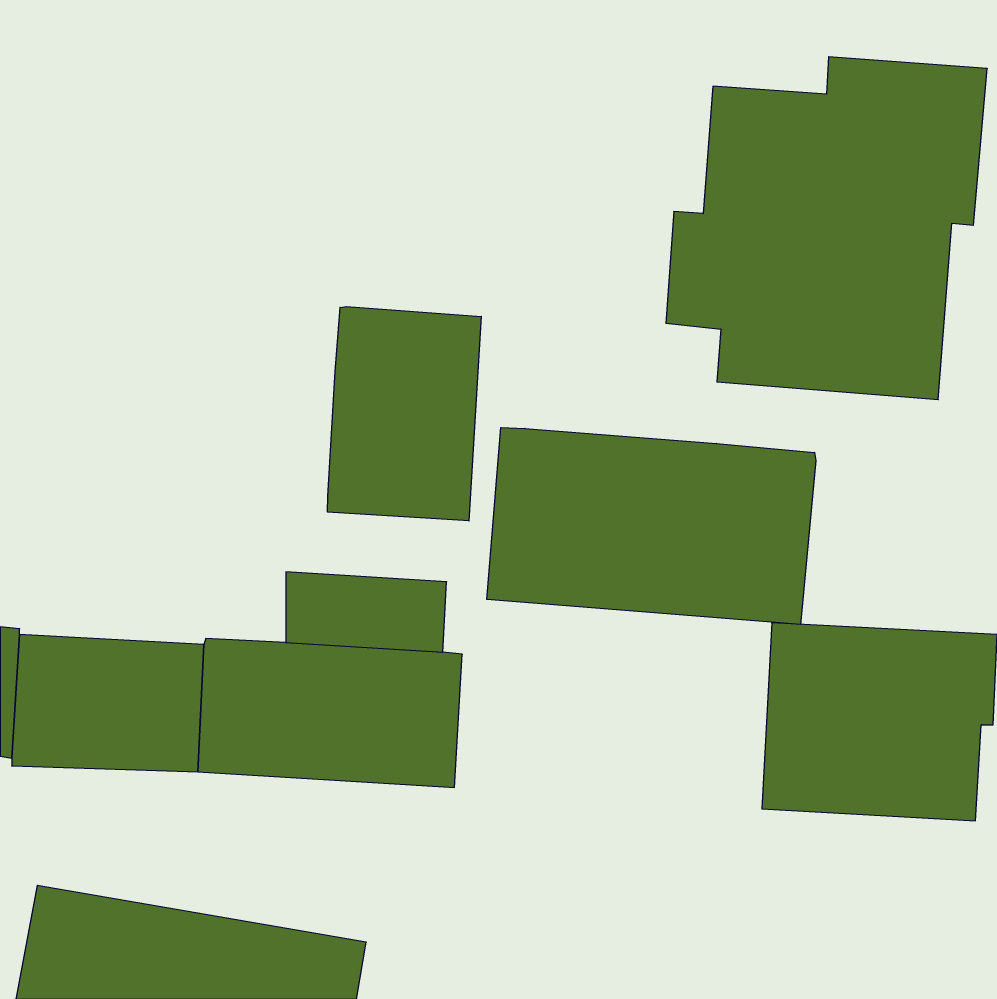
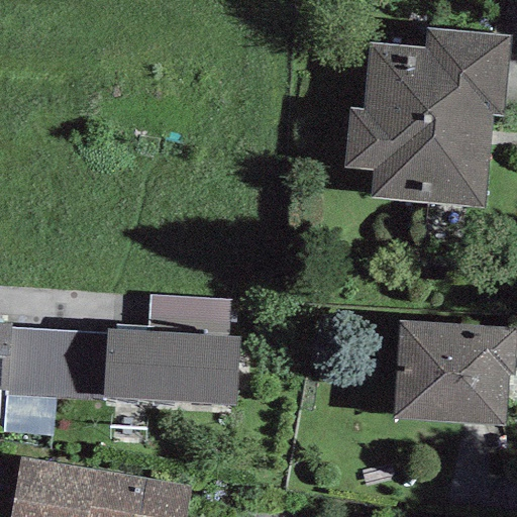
building: [328,307,481,521] -> none
building: [487,428,816,624] -> none

